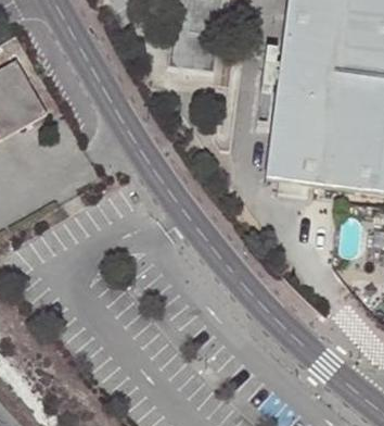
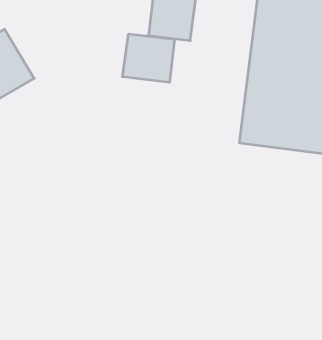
building: none -> [122,34,174,82]

